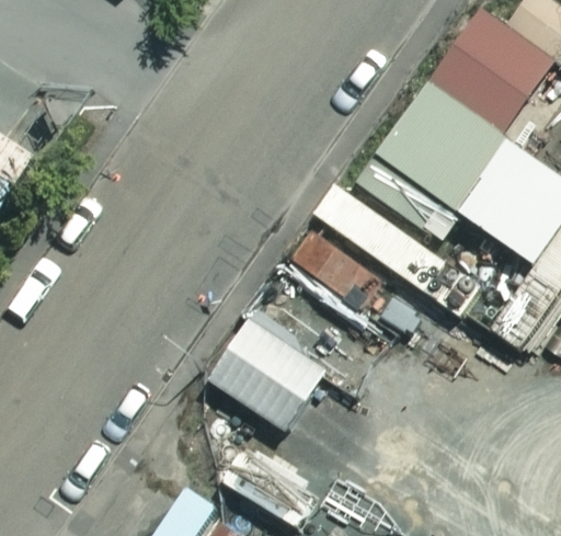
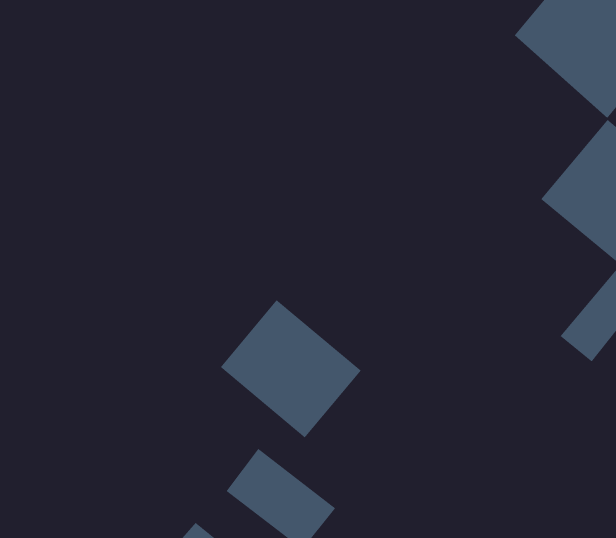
building: [378,80,513,215] -> none

